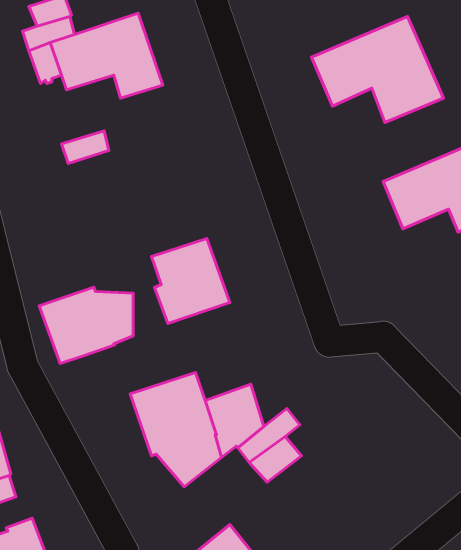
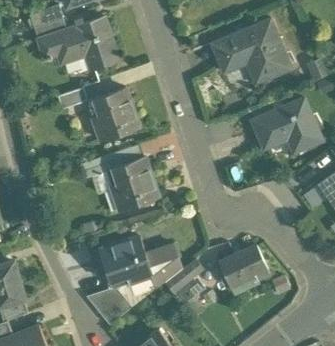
building: none -> [94,87,140,138]
building: [39,287,133,364] -> none
building: none -> [219,245,268,287]
building: none -> [86,287,132,325]

